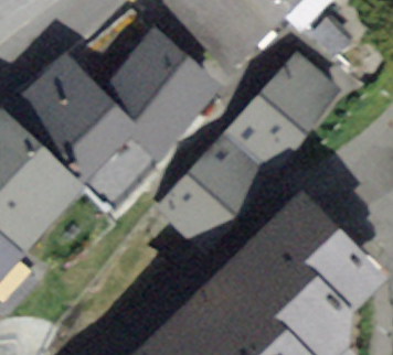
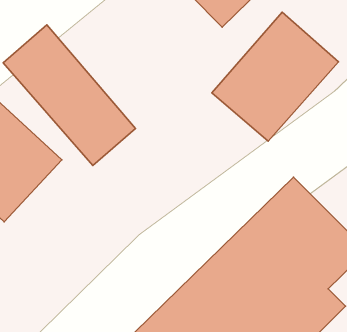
building: [118,39,212,151] -> none
building: [156,121,278,246] -> none

